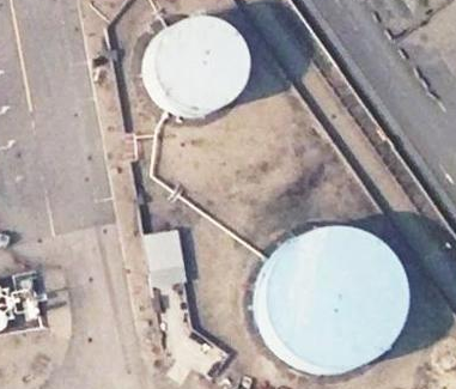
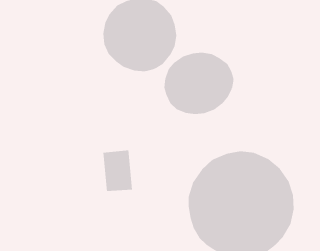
building: none -> [164,52,234,115]

